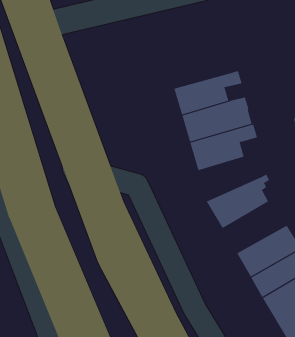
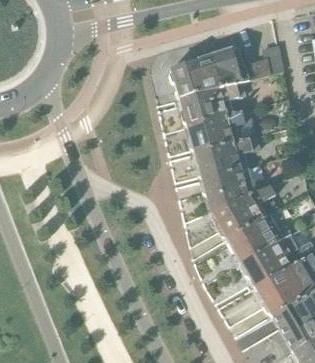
building: none -> [169,45,282,100]
building: none -> [202,167,264,211]
building: none -> [226,209,292,262]

